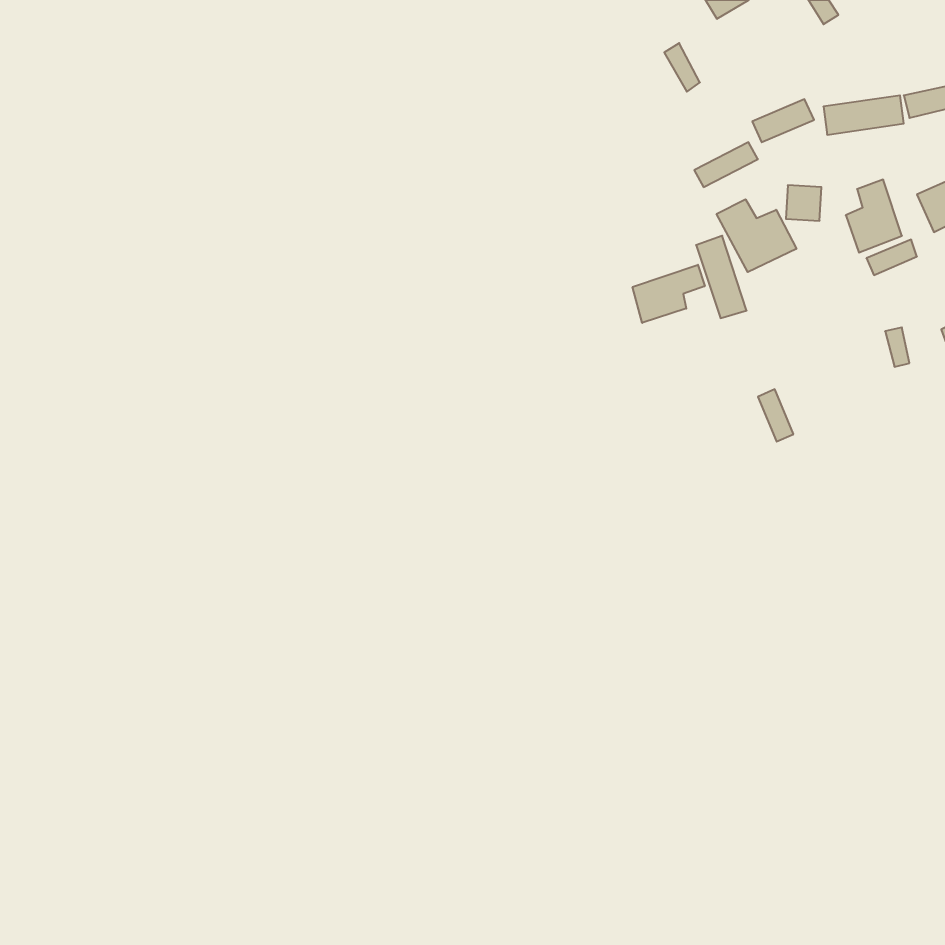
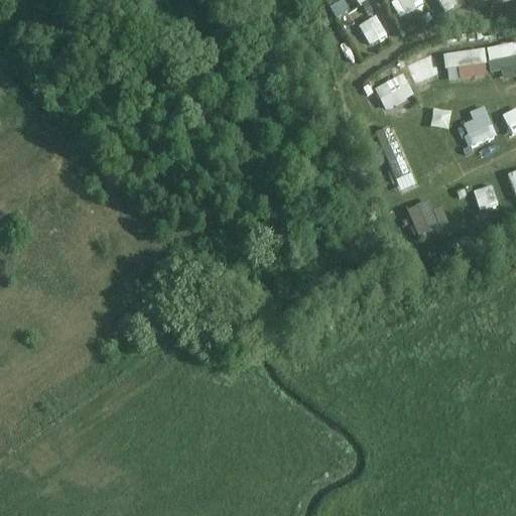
building: [717,199,796,272] -> none
building: [633,265,705,323] -> none

